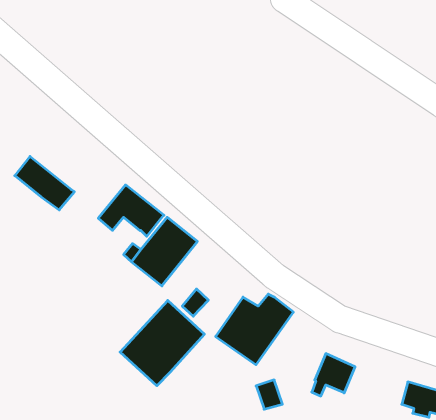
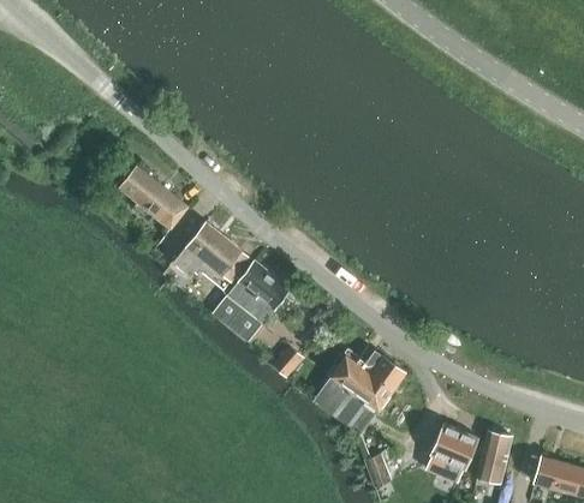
building: [15,156,74,210] -> [119,164,190,228]
building: [120,300,204,386] -> none
building: none -> [476,431,512,484]

